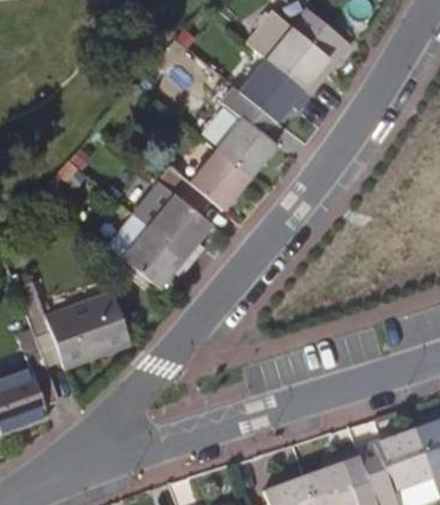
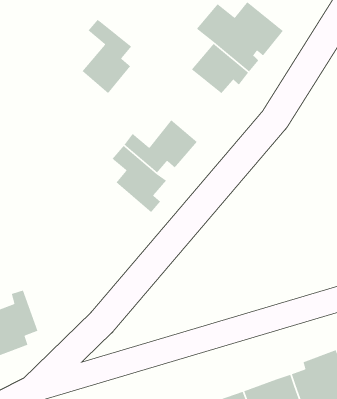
building: [216,87,276,177] -> [82,19,132,94]
building: [110,215,192,287] -> none
building: [17,283,132,370] -> none

